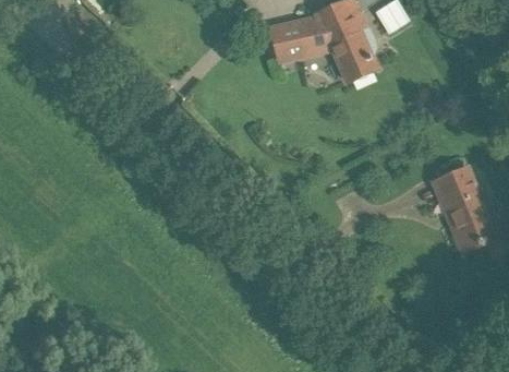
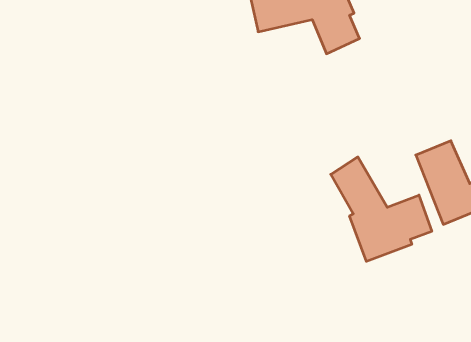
building: none -> [331,157,432,261]

